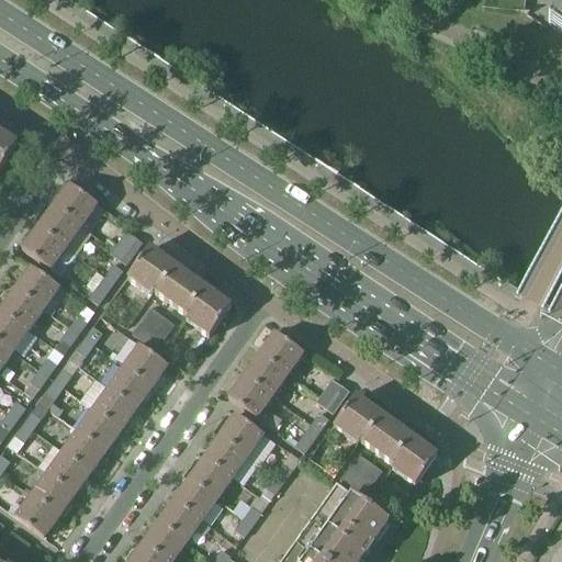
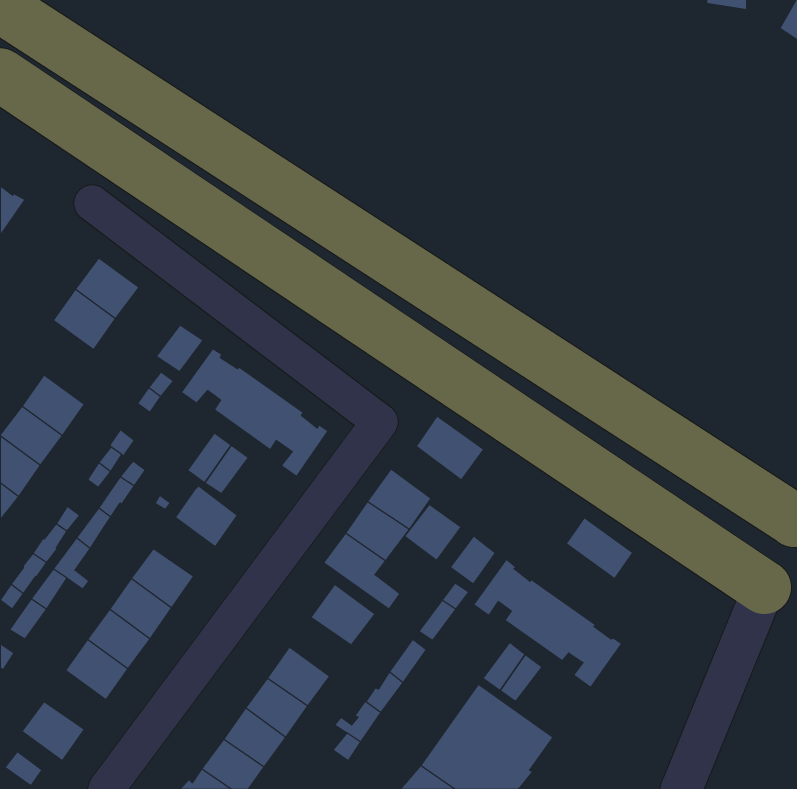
building: [23,225,67,267] -> none
building: none -> [416,416,484,480]
building: none -> [404,504,461,560]
building: [109,363,153,405] -> none
building: none -> [566,517,633,579]
building: [204,434,258,482] -> none
building: [32,471,76,513] -> none

